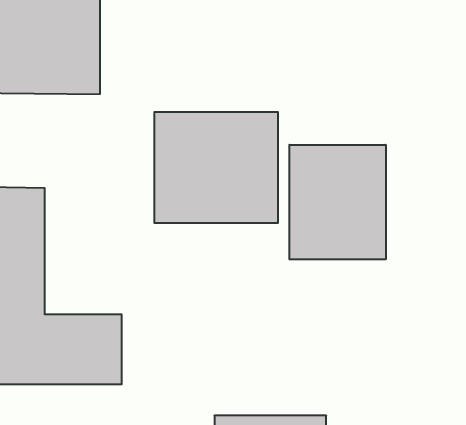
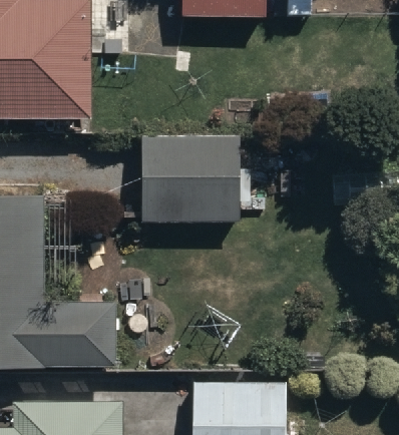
building: [289,145,386,259] -> none

